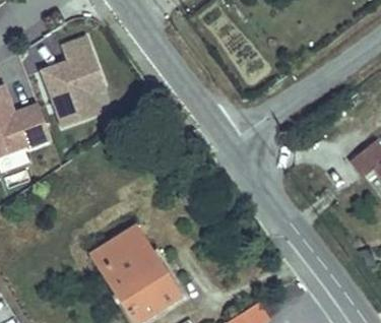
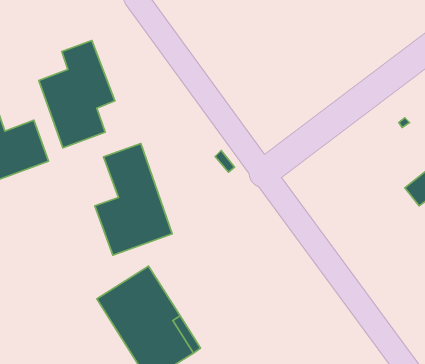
building: none -> [95,143,172,255]

